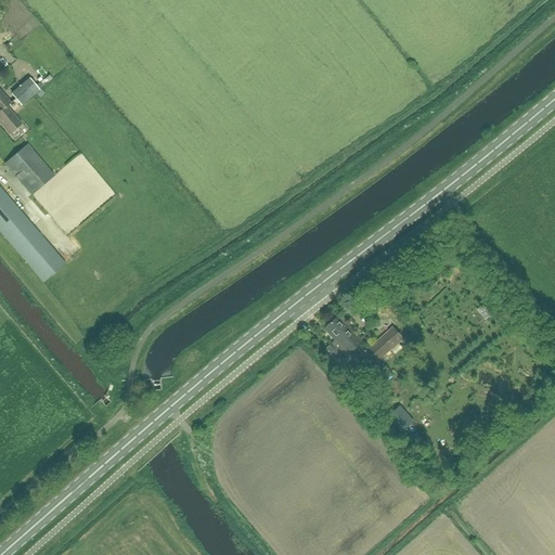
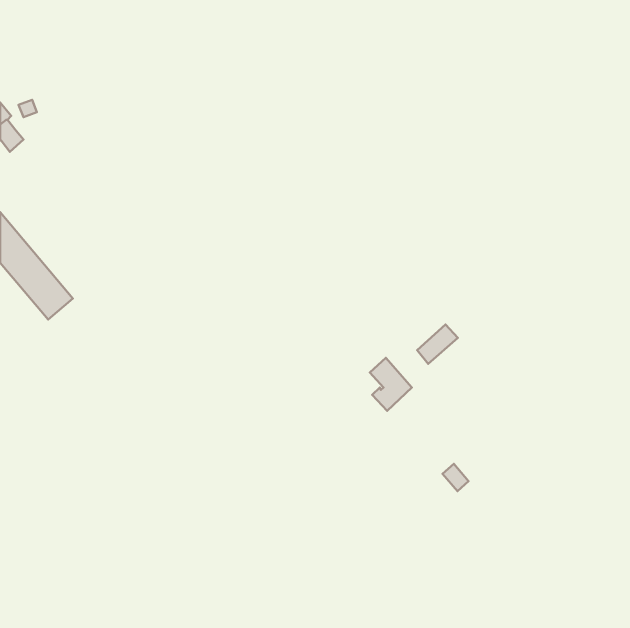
building: [4,143,54,194] -> none
building: [367,325,403,360] -> [417,324,458,364]

